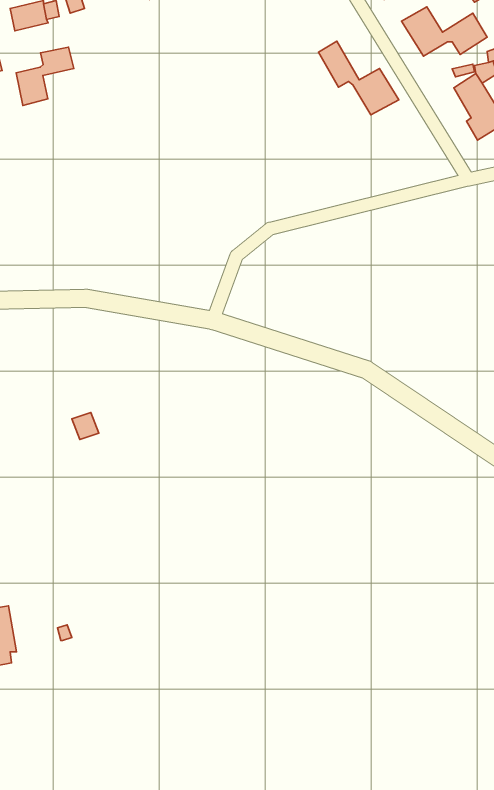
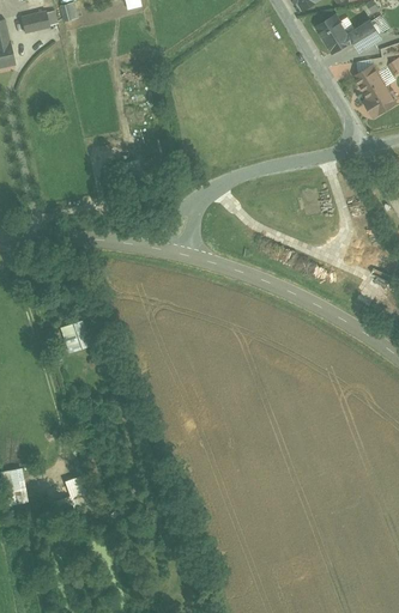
building: [318,41,399,115] -> none
building: [16,47,74,105] -> none

